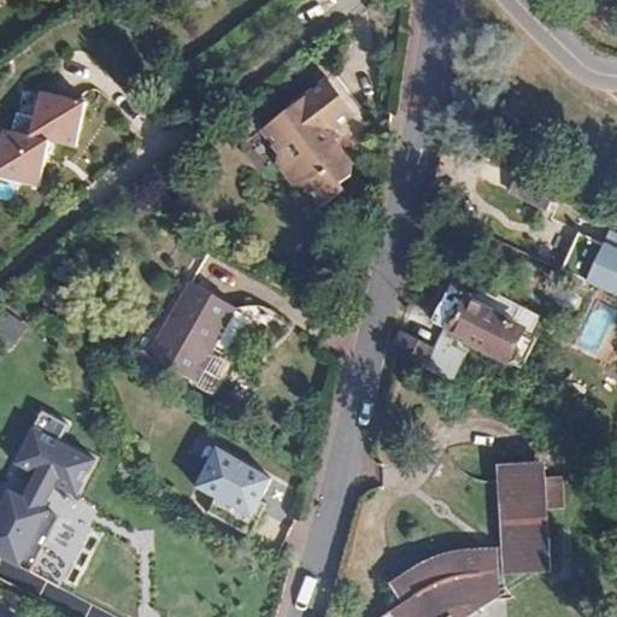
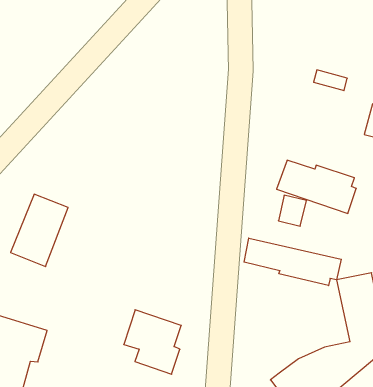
building: [257,72,349,200] -> none
building: [149,286,236,384] -> [11,194,68,267]
building: none -> [244,238,341,286]

